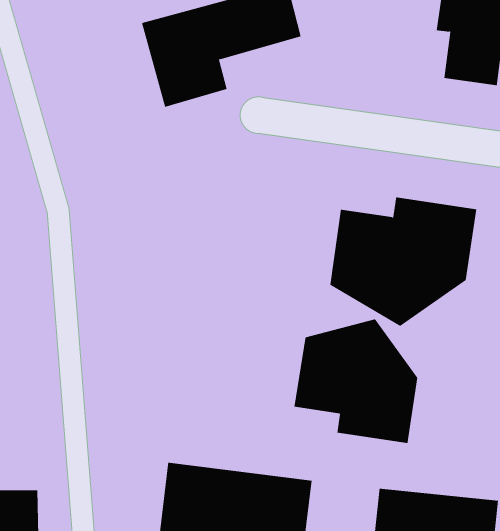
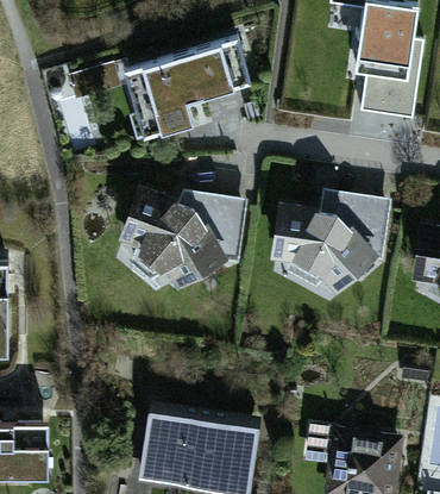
building: none -> [118,194,243,296]
building: [294,319,418,444] -> none

